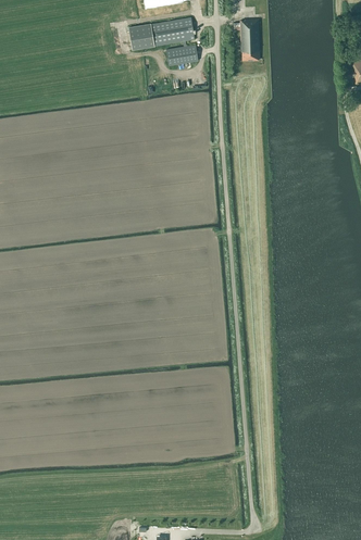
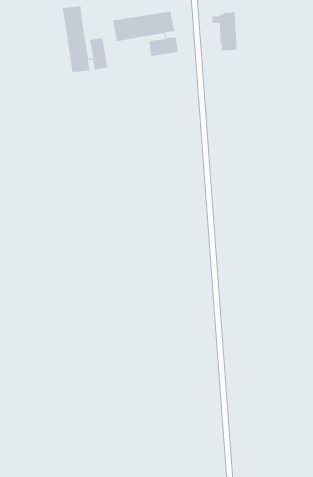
building: none -> [62,5,108,73]

